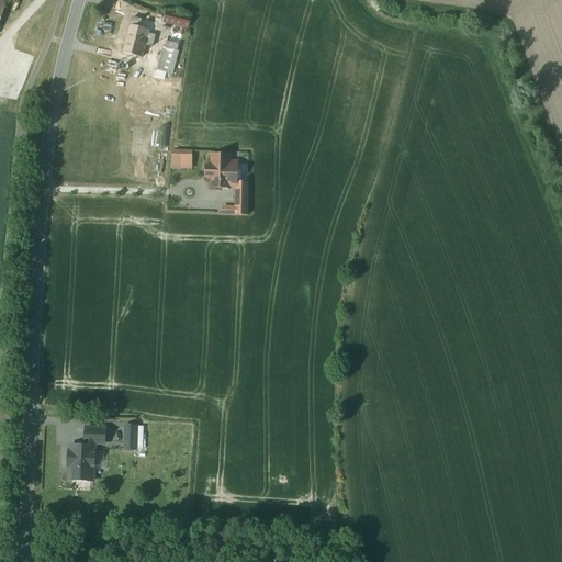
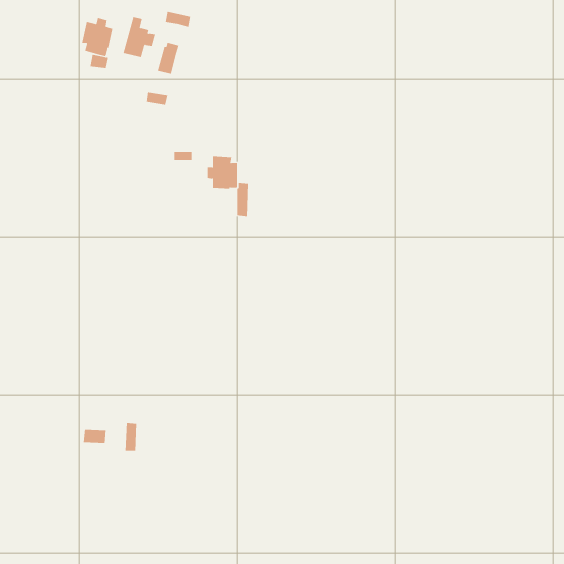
building: none -> [81,17,113,57]
building: [68,446,93,480] -> none

